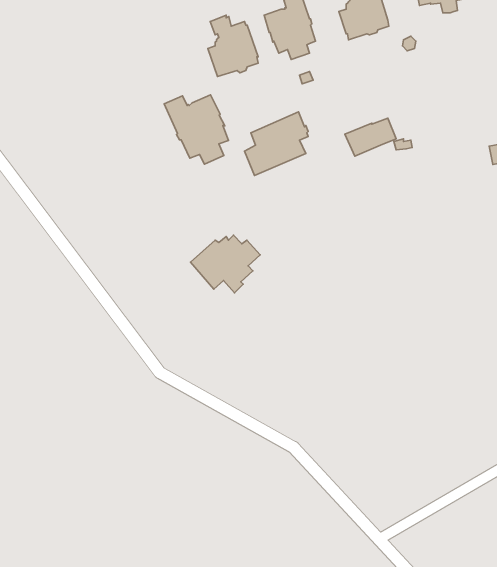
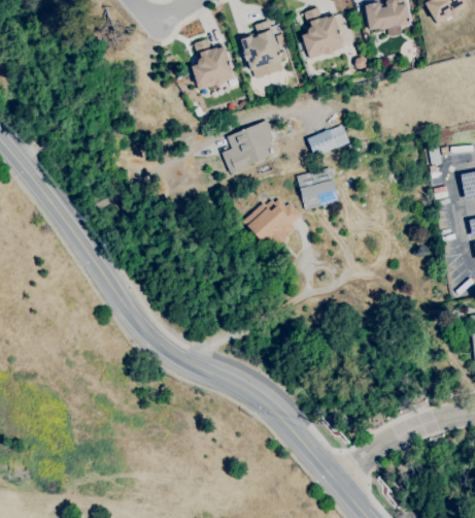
building: [164,95,229,164] -> none
building: none -> [297,167,339,209]
building: [191,235,260,293] -> [243,198,302,247]

